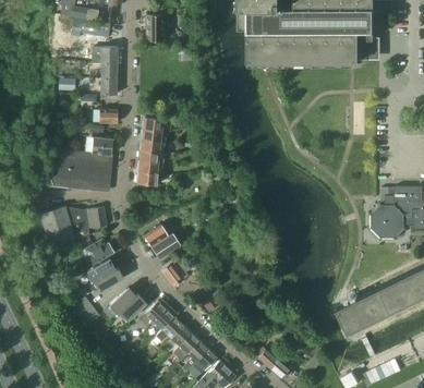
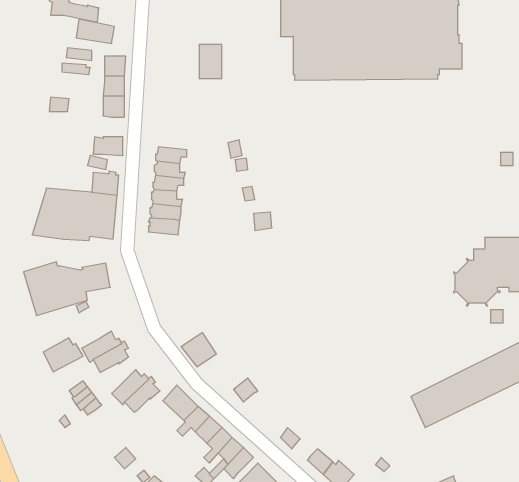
building: [146,15,163,41] -> [199,45,222,79]
building: [144,225,179,259] -> none
building: [83,239,113,265] -> [43,338,83,372]

